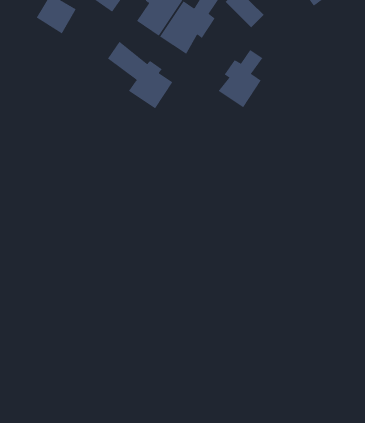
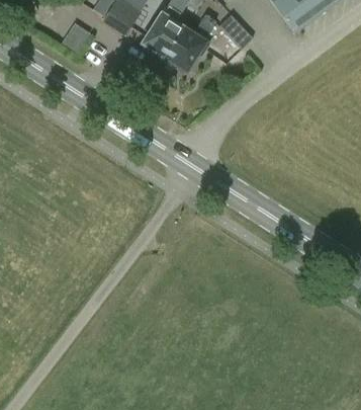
building: [107,41,173,109] -> none
building: [218,49,263,108] -> none

